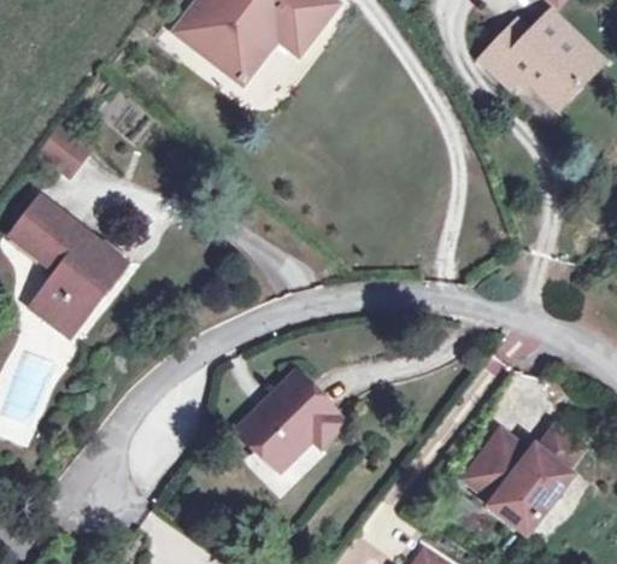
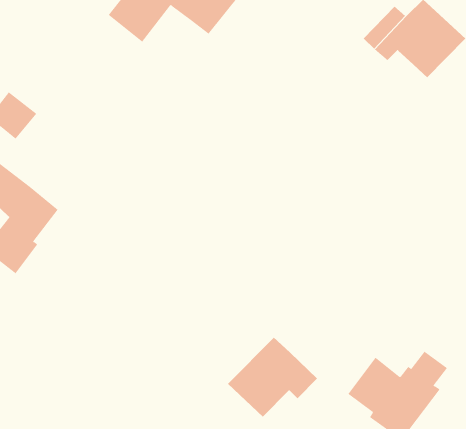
building: [219,20,277,82] -> none
building: [239,375,346,470] -> [227,337,318,417]

